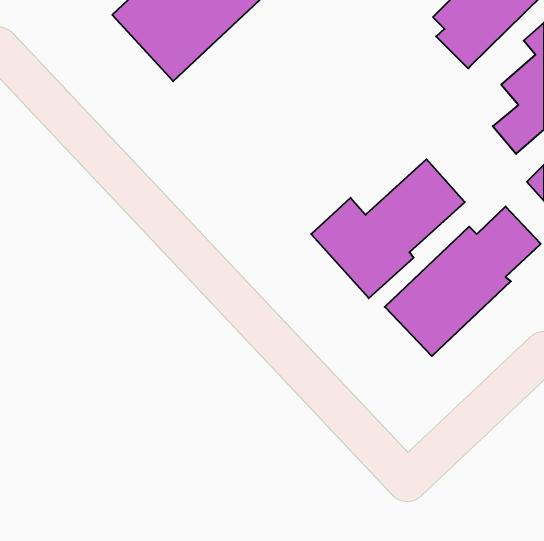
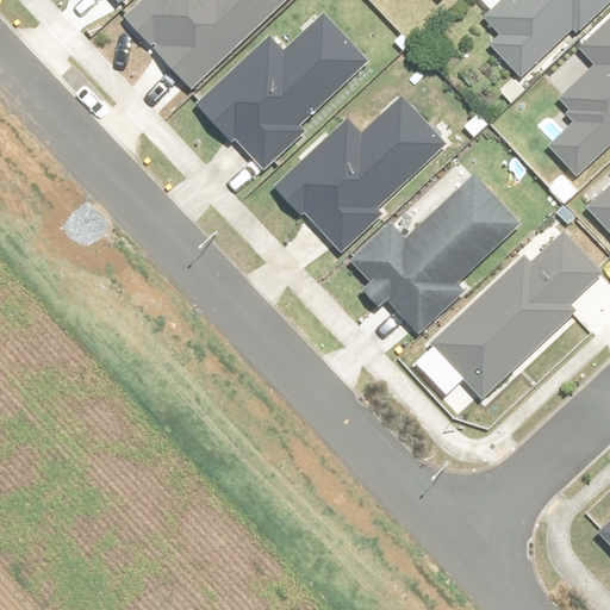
building: none -> [203,14,371,164]
building: none -> [281,95,449,247]

